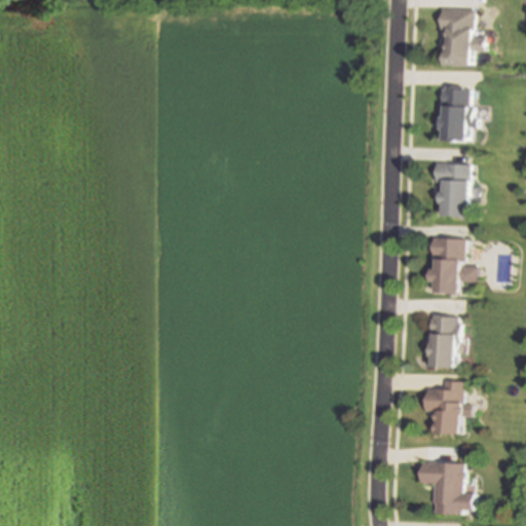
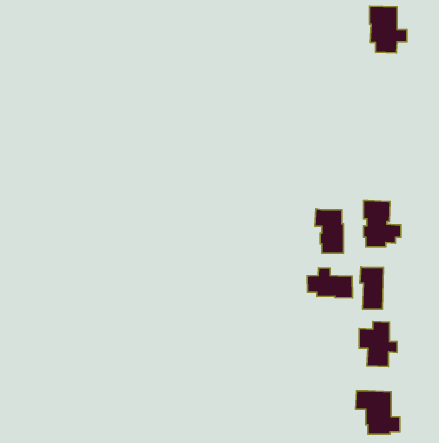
building: [435,83,474,139] -> none
building: [431,162,465,215] -> [315,209,344,253]
building: none -> [307,268,353,298]

